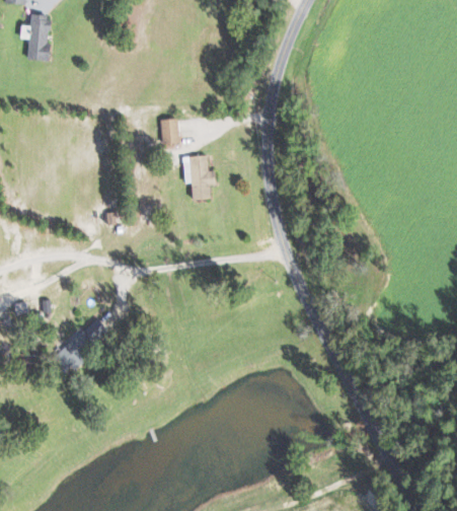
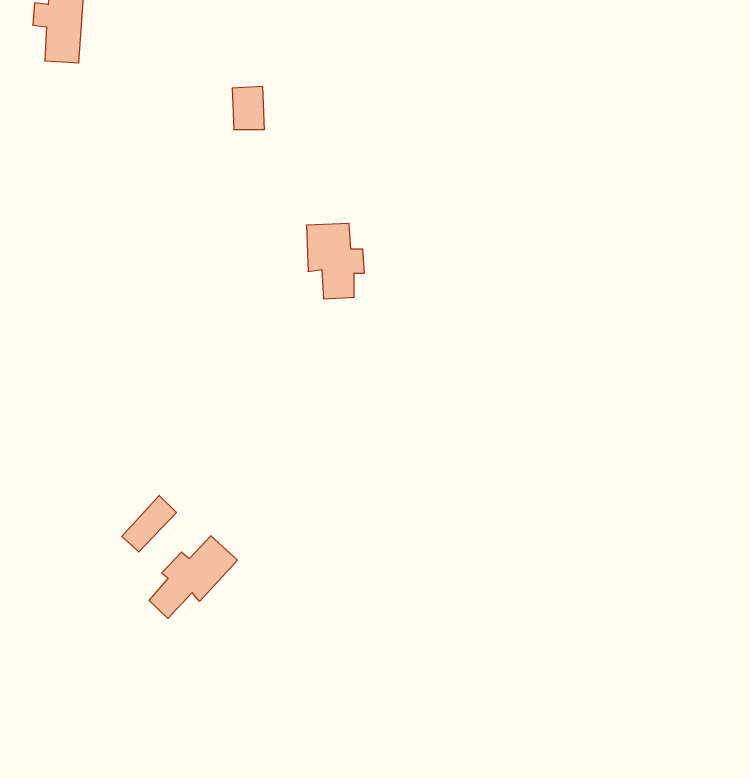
building: [159,118,178,143] -> [232,87,265,129]
building: none -> [149,536,237,618]

